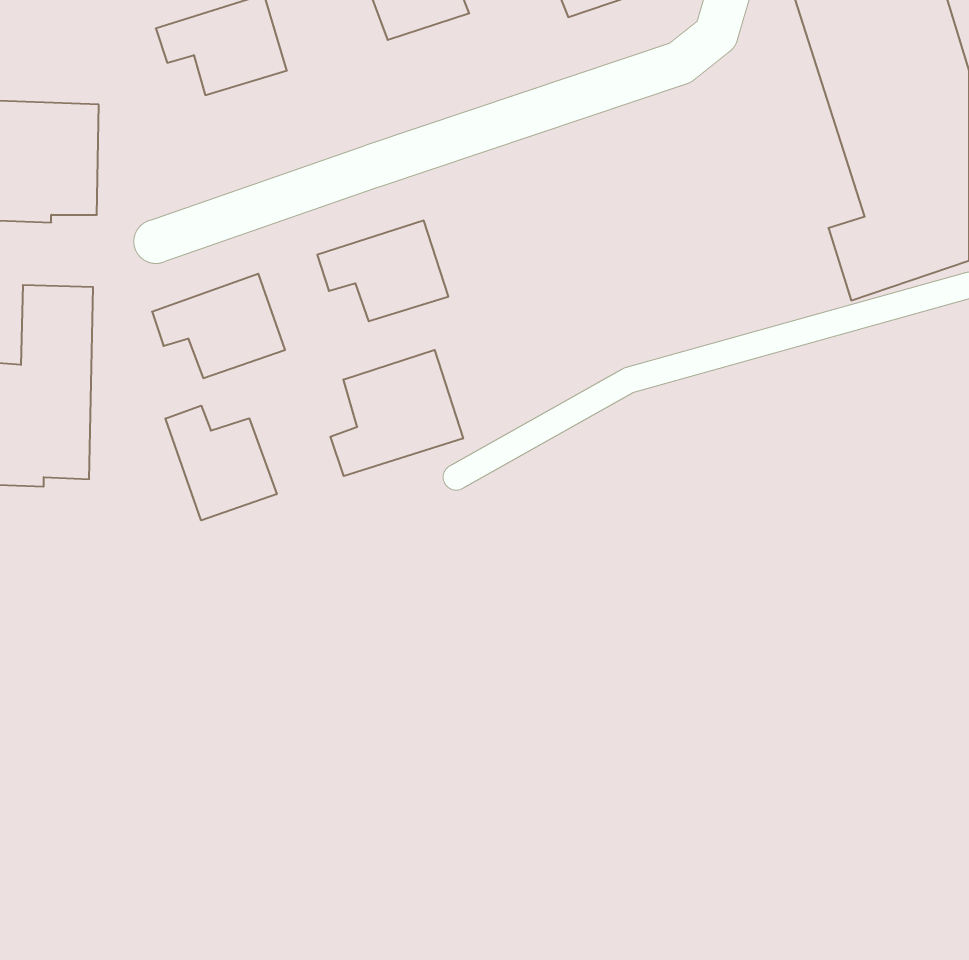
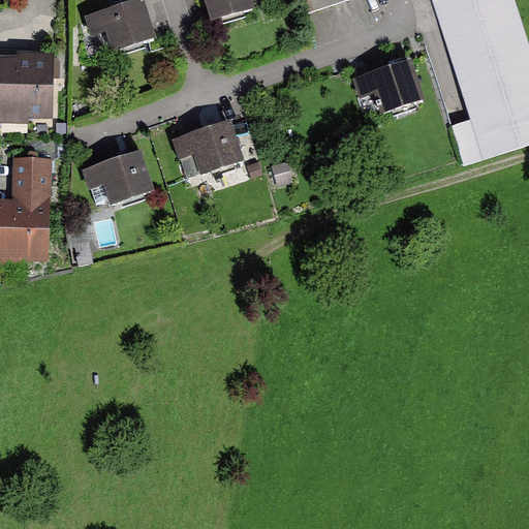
building: none -> [352,58,425,115]
building: [330,350,463,476] -> none
building: [165,406,277,520] -> none

